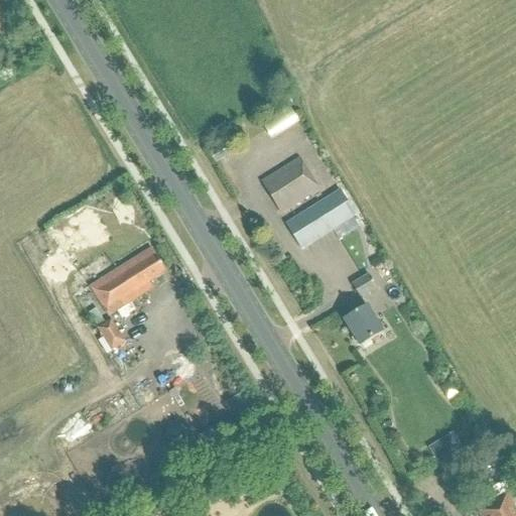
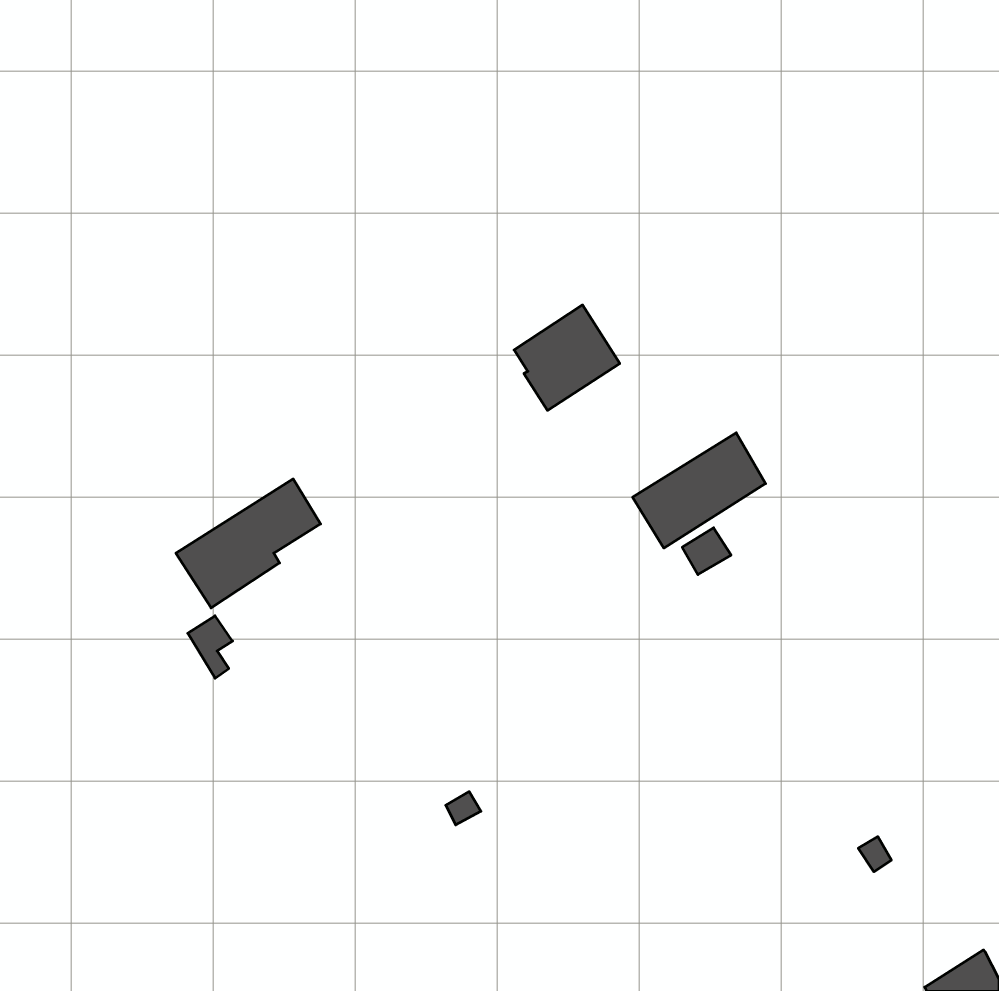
building: [285,188,354,248] -> [633,433,766,548]
building: [344,304,383,345] -> none

